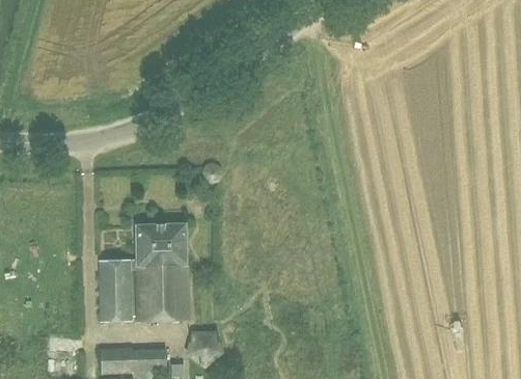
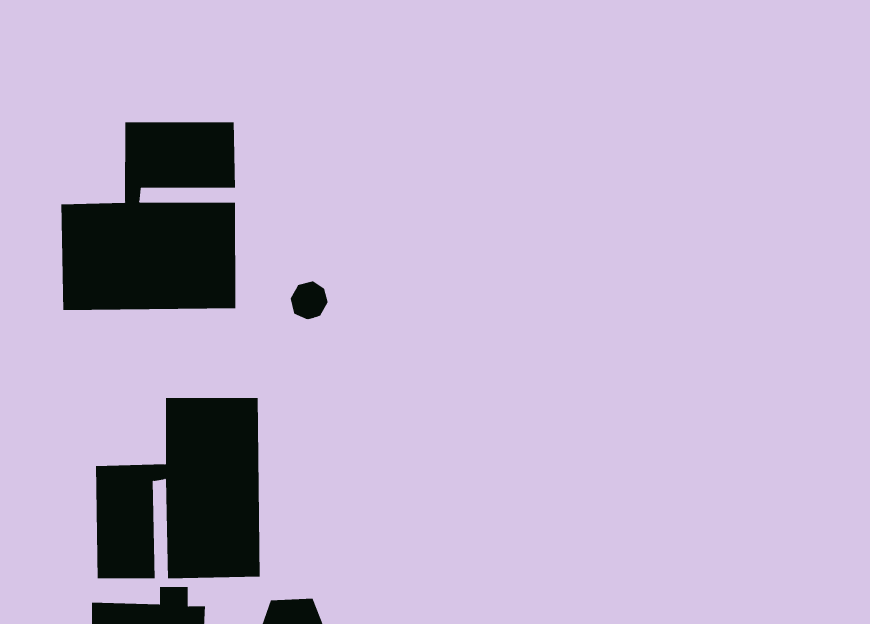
building: none -> [61,121,236,311]

